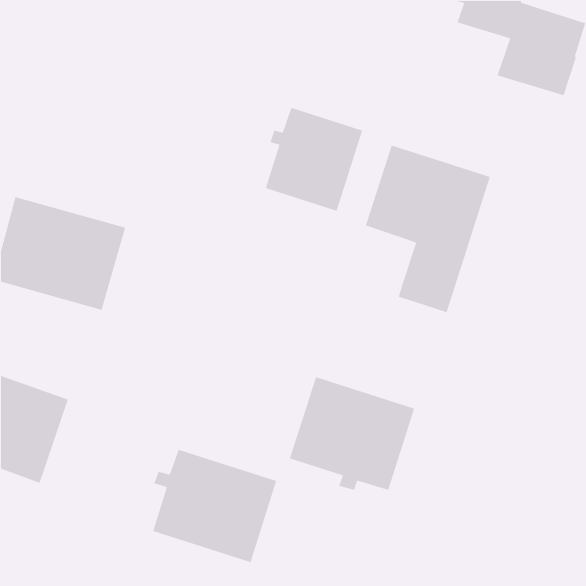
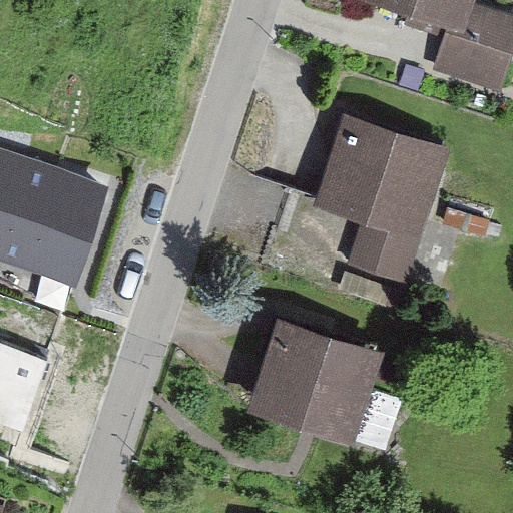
building: [265,107,363,212] -> none
building: [152,449,277,563] -> none

